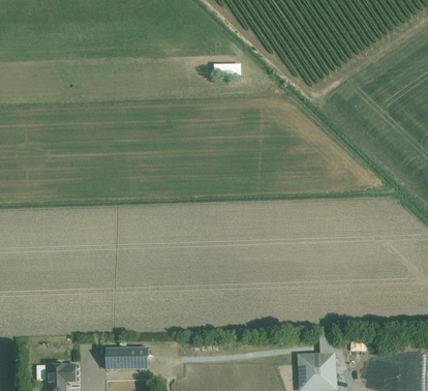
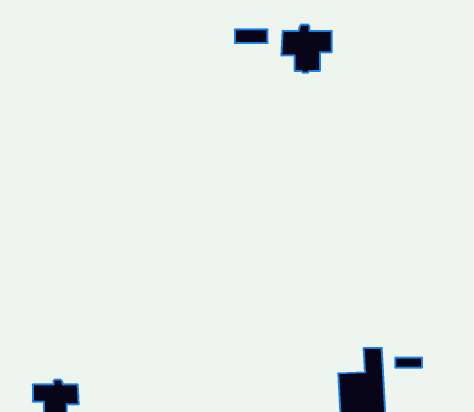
building: none -> [282,24,332,73]
building: [106,348,148,368] -> none

